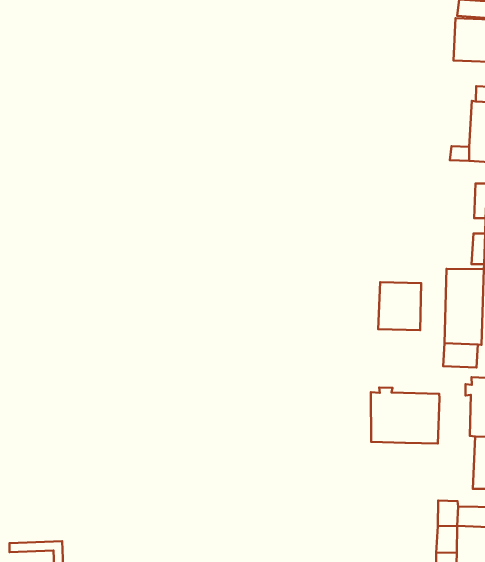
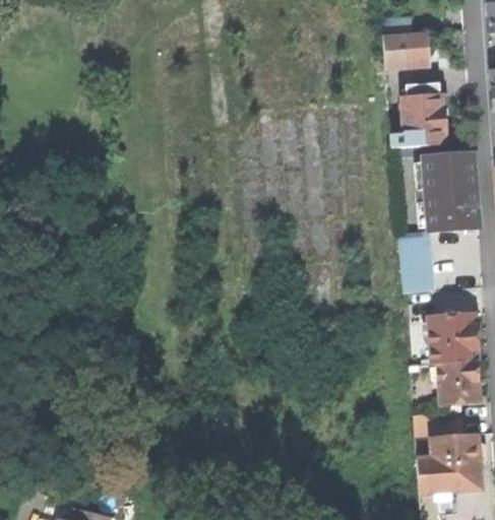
building: [378,282,421,330] -> none
building: [371,387,440,444] -> none

